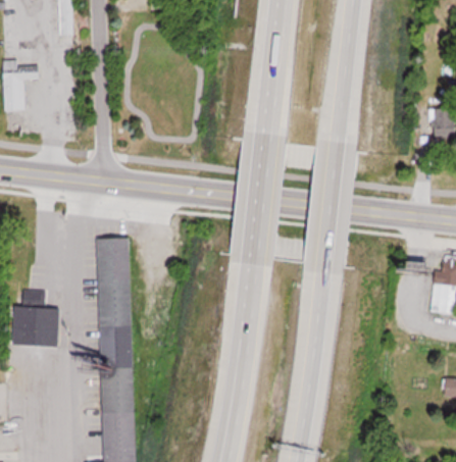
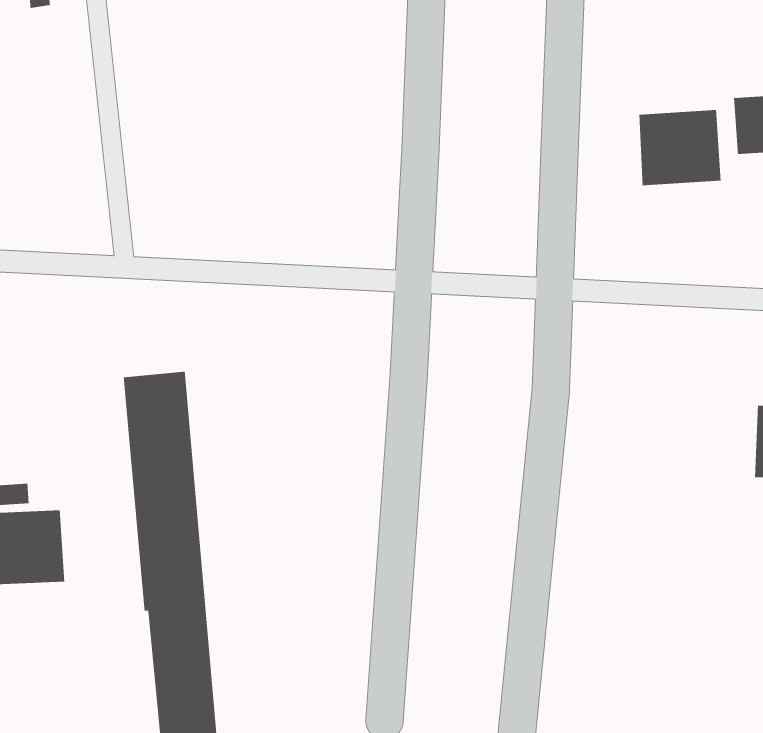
building: none -> [639,109,722,186]

